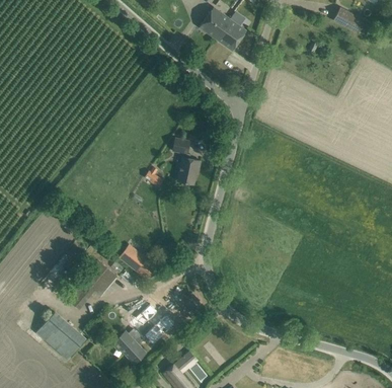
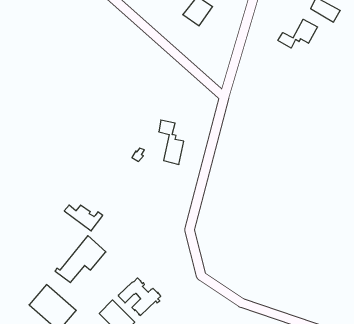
building: [215,18,245,51] -> none
building: none -> [278,19,318,48]
building: [119,251,159,279] -> [64,205,103,231]

